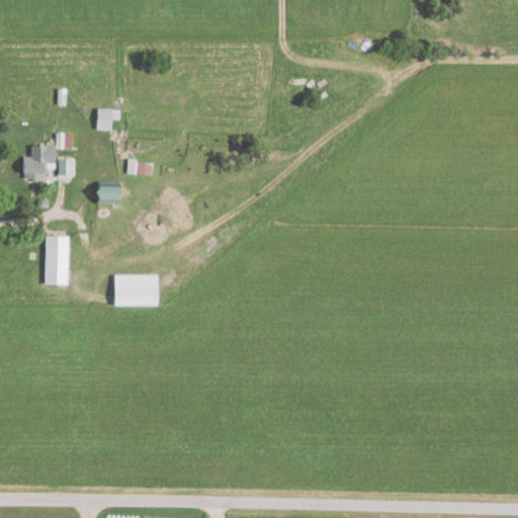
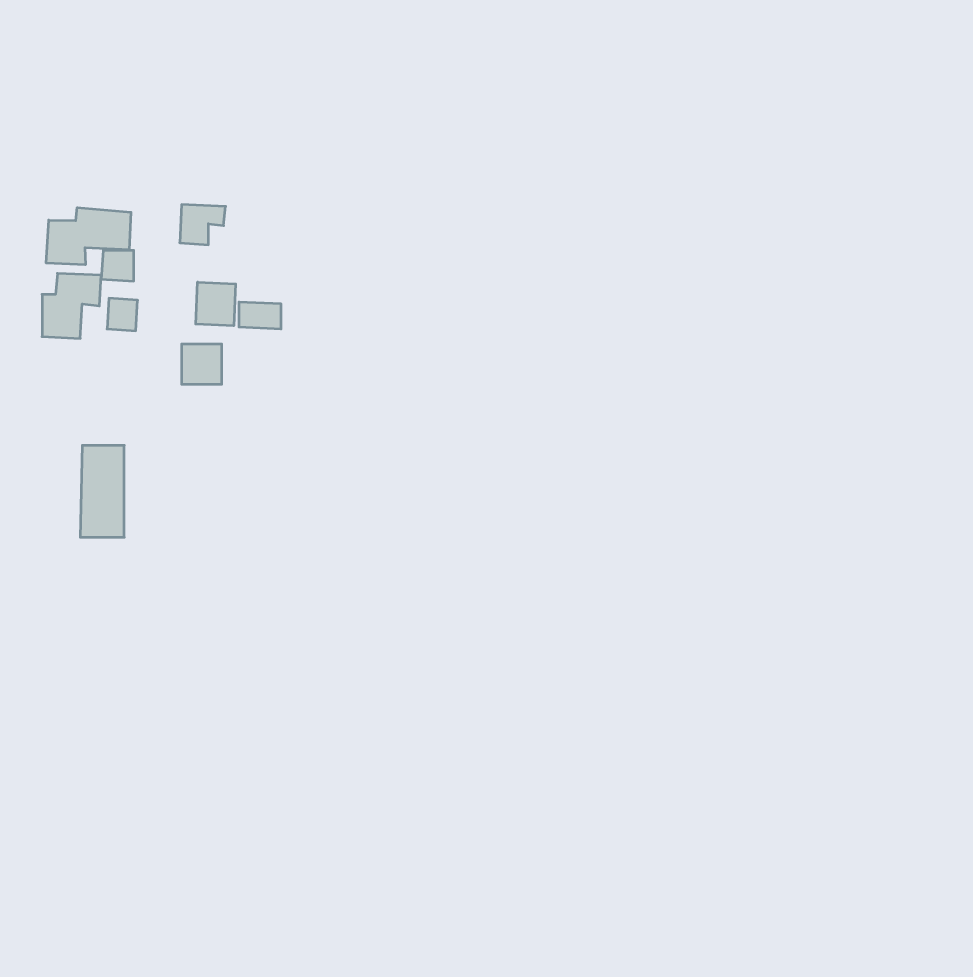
building: none -> [46,208,131,265]
building: none -> [196,282,236,326]
building: [114,274,158,307] -> none

